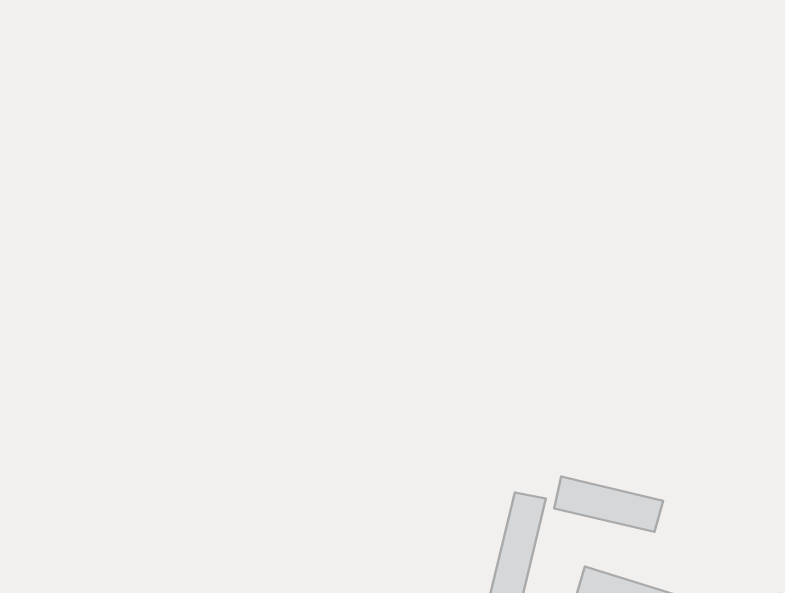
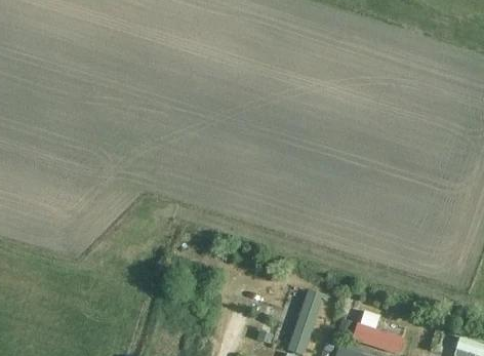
building: [554,477,663,532] -> none

